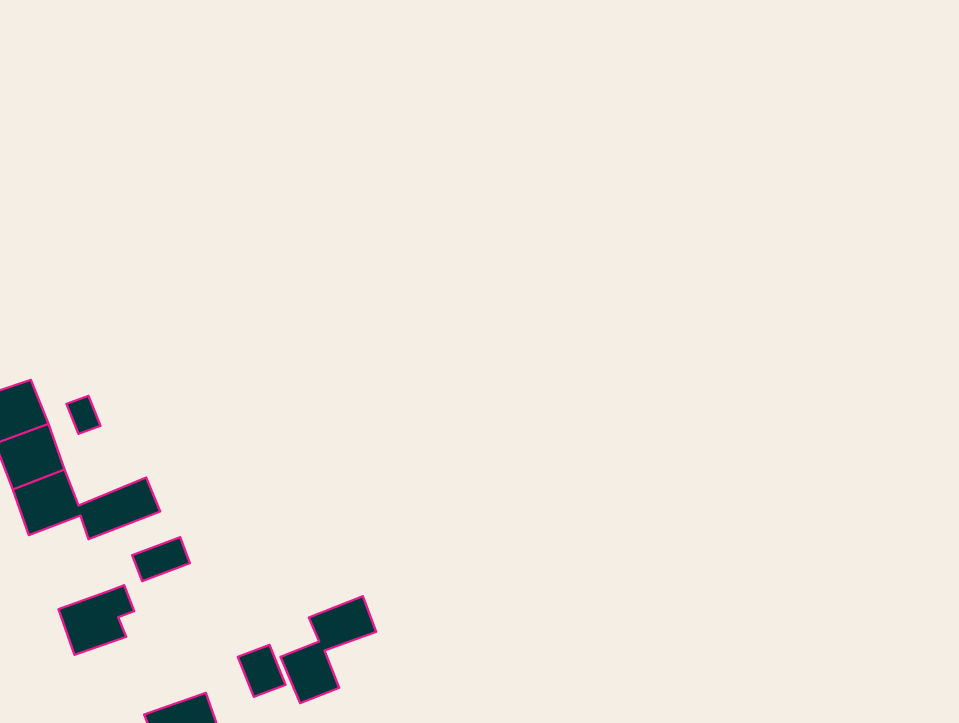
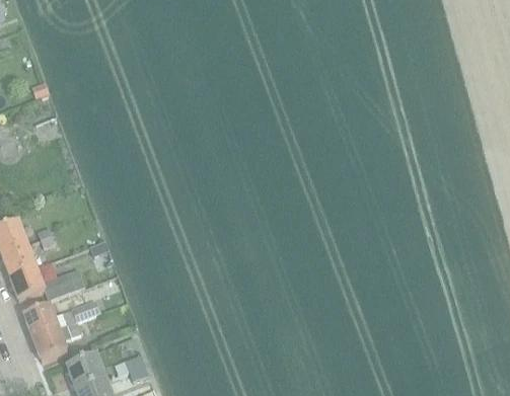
building: none -> [22,303,57,335]
building: [281,596,376,703] -> none
building: none -> [66,352,106,389]

